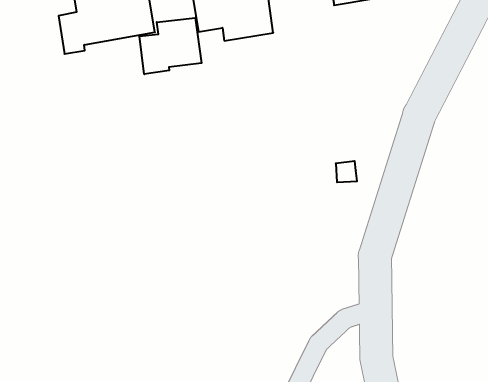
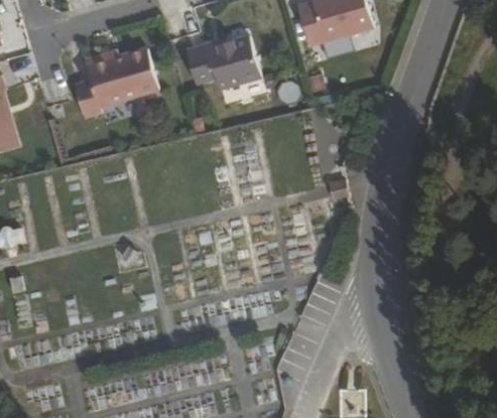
building: [140,18,202,74] -> none

